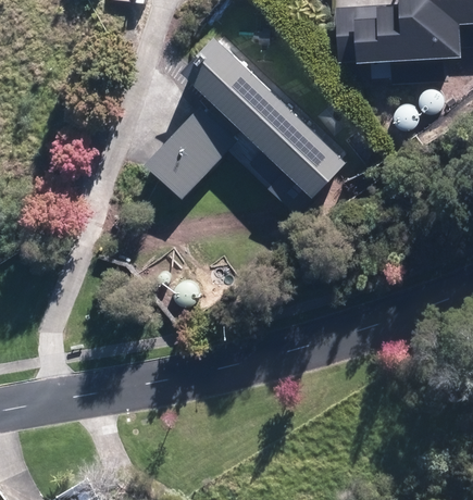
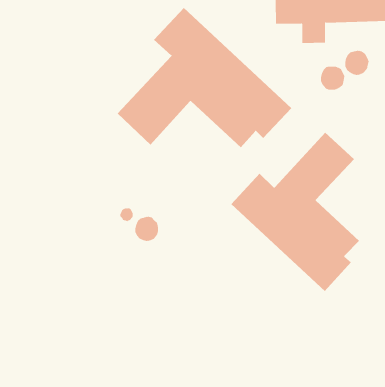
building: none -> [231,132,360,292]

